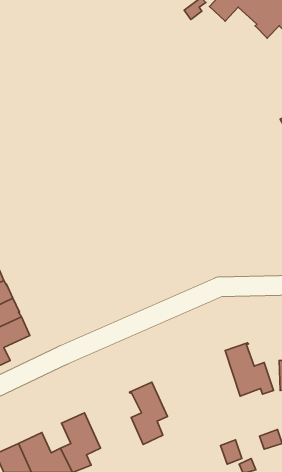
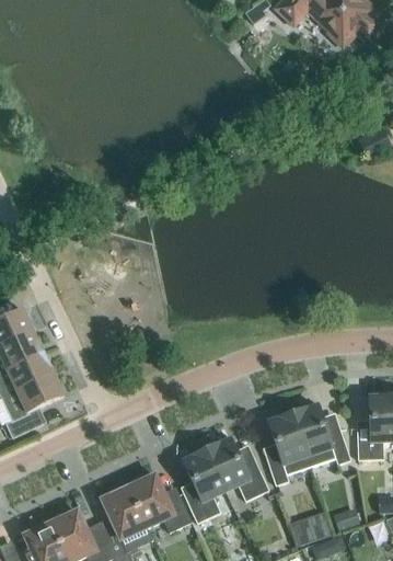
building: none -> [265,412,311,484]
building: none -> [207,437,268,500]
building: none -> [128,472,192,531]

